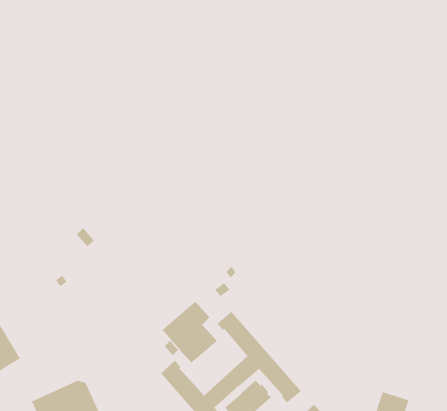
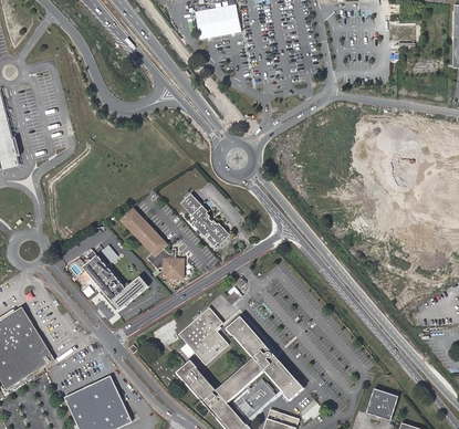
building: none -> [180,192,229,248]
building: none -> [121,208,184,279]
building: none -> [81,249,147,308]

